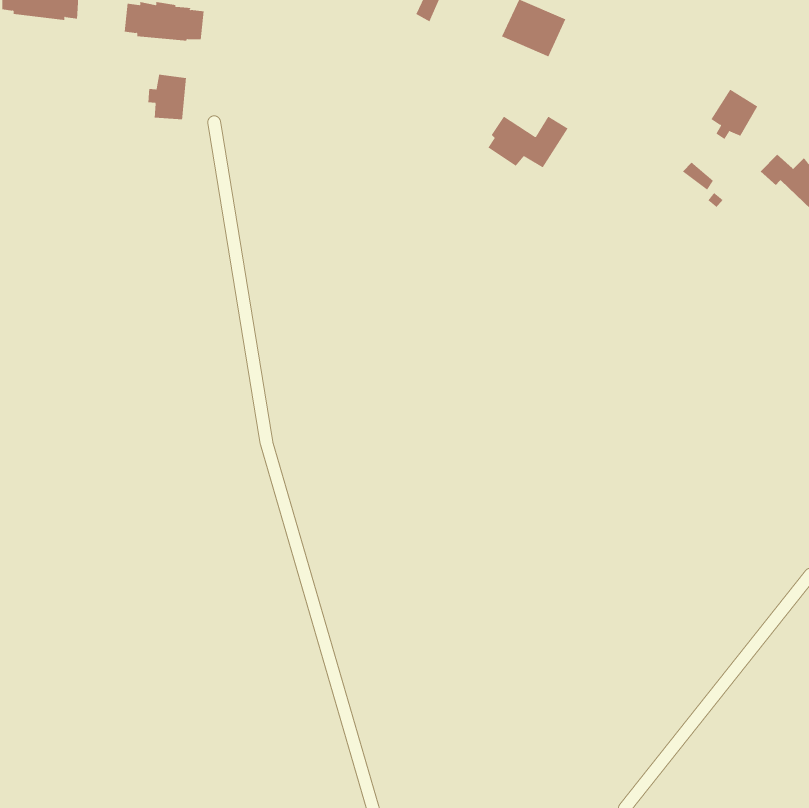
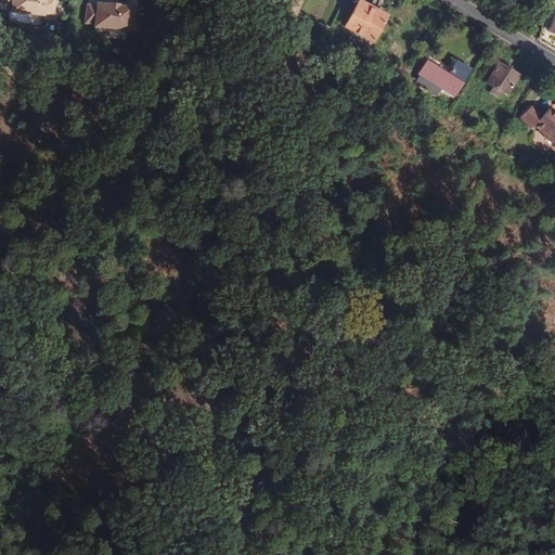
building: [148,74,187,120] -> none
building: [488,116,568,168] -> [416,59,472,94]

